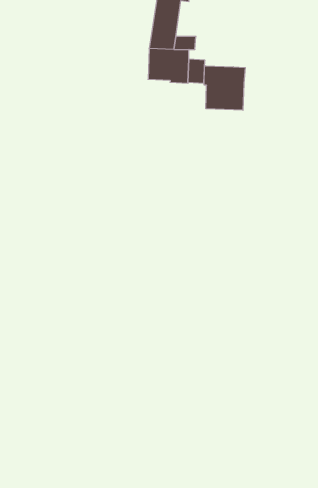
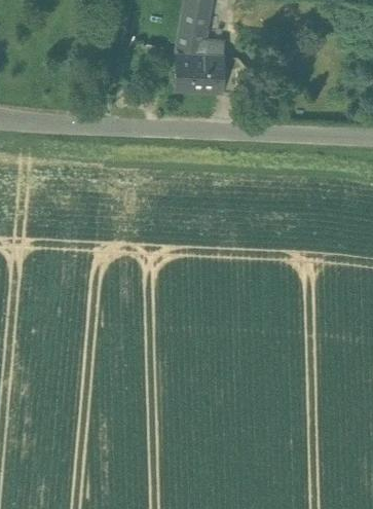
building: [204,66,245,110] -> none

